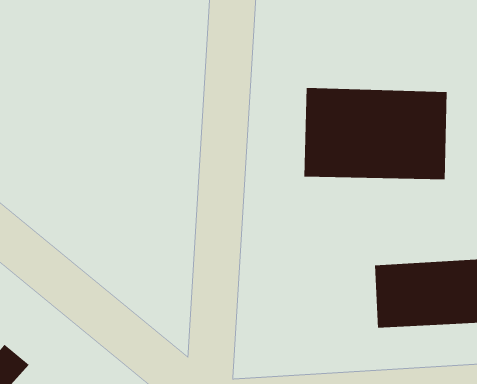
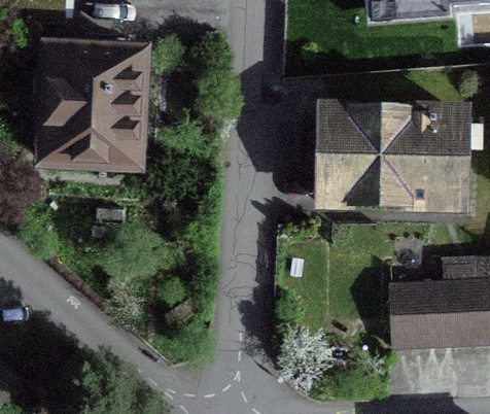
building: none -> [41,49,137,163]

